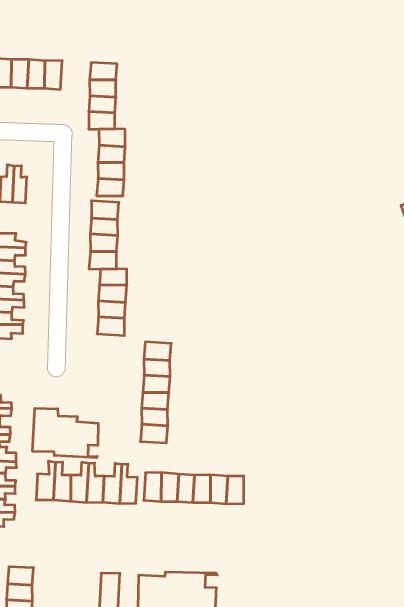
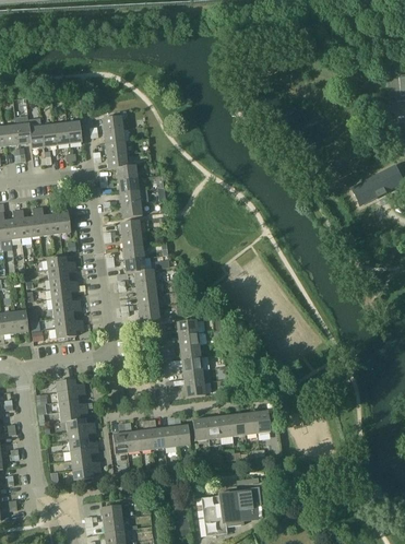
building: [33,408,98,458] -> none

